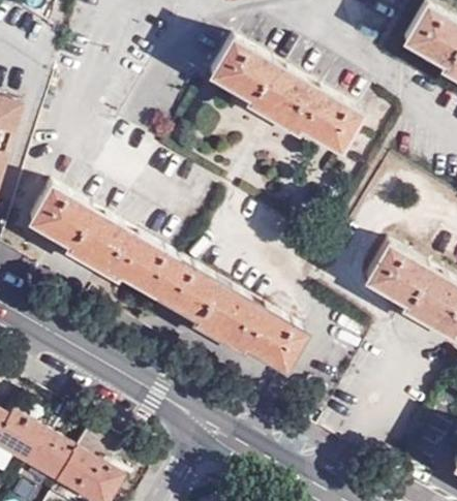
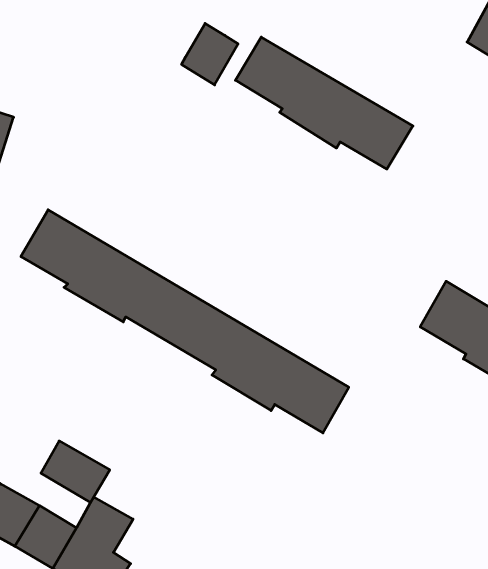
building: none -> [182,23,238,85]
building: none -> [41,441,110,502]

